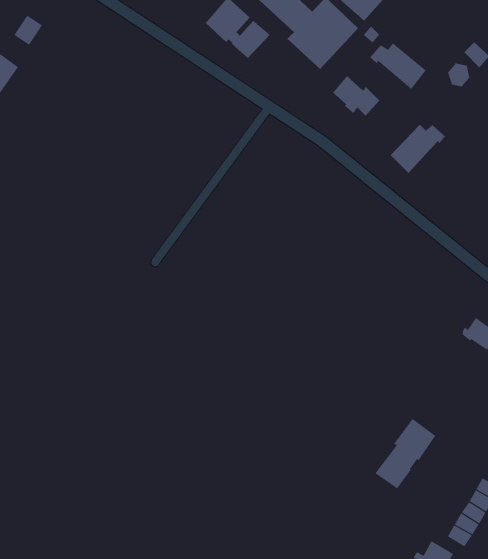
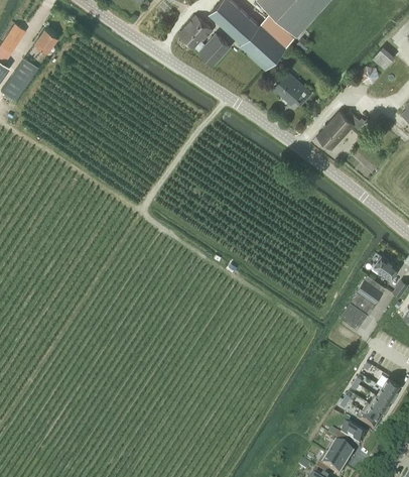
building: [370,42,427,90] -> none
building: [375,418,436,489] -> [339,275,386,329]

